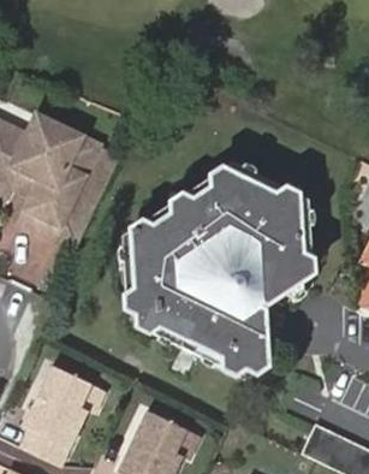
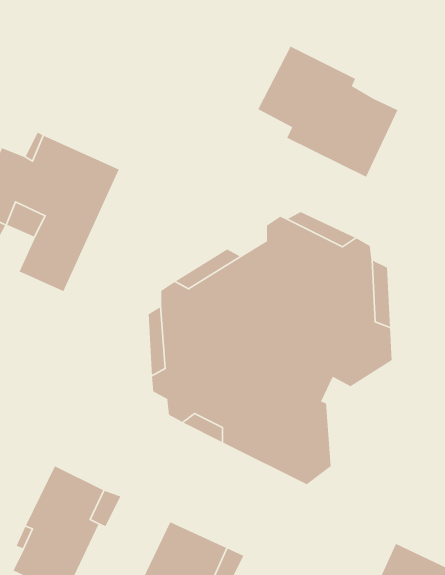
building: none -> [257,46,399,178]

